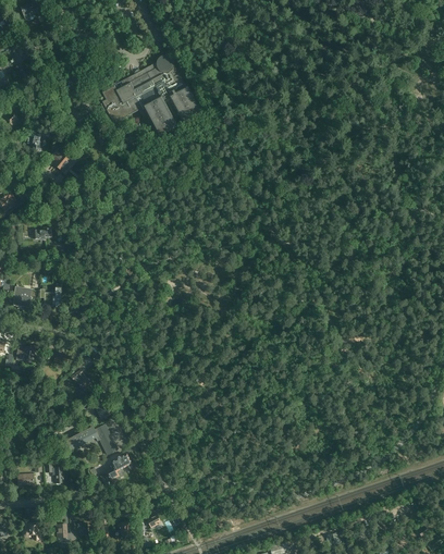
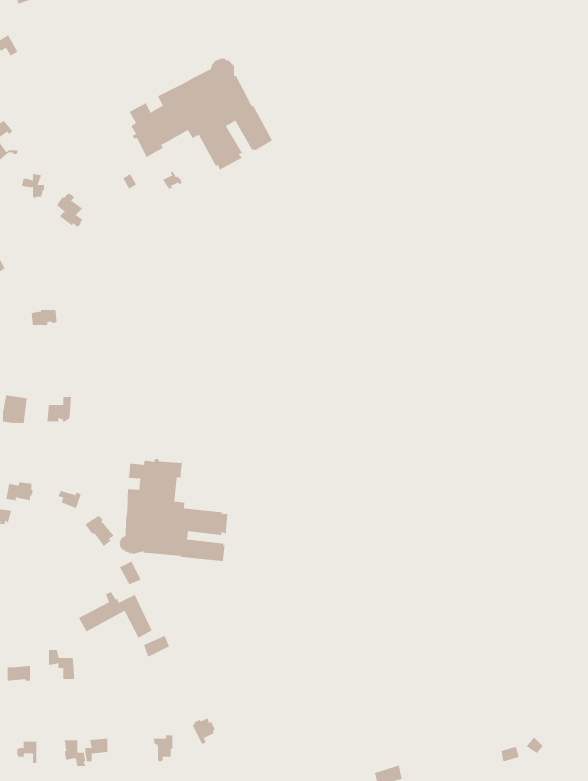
building: none -> [119,458,228,562]

